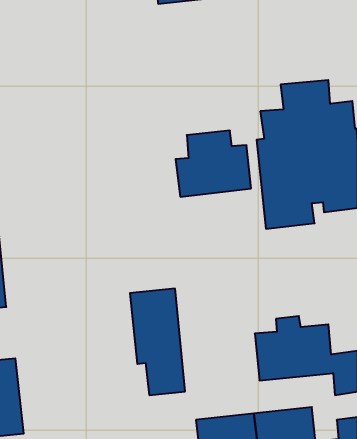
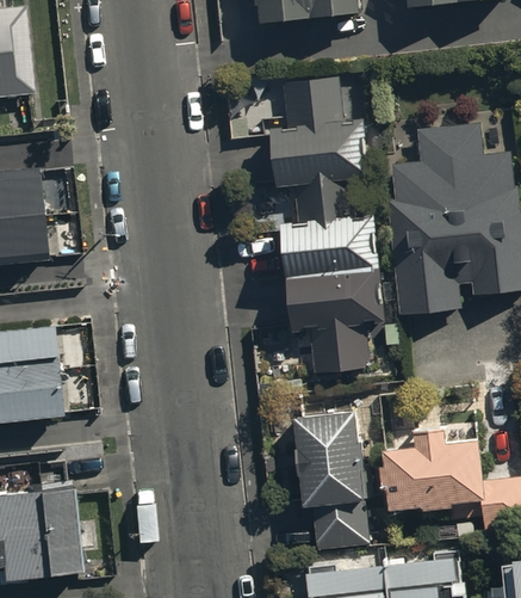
building: none -> [271,87,371,193]
building: none -> [287,261,385,372]
building: [130,289,185,395] -> [293,413,365,551]

